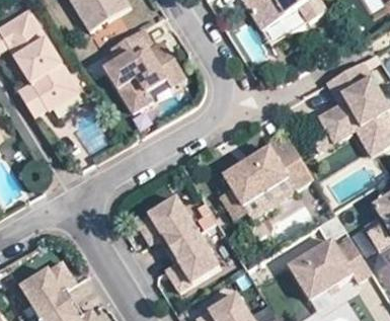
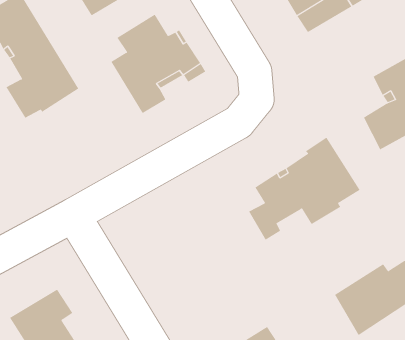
building: [136,194,219,288] -> none

